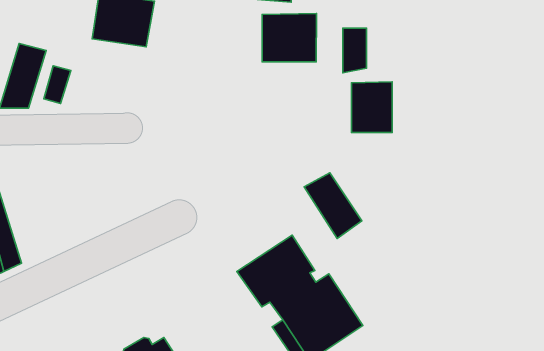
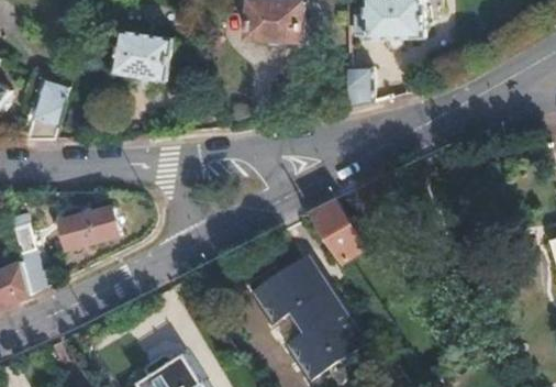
building: [262,13,317,62] -> none
building: [351,82,392,132] -> none
building: none -> [62,207,120,248]

